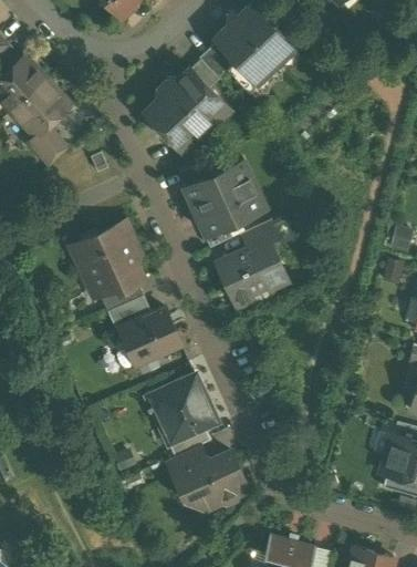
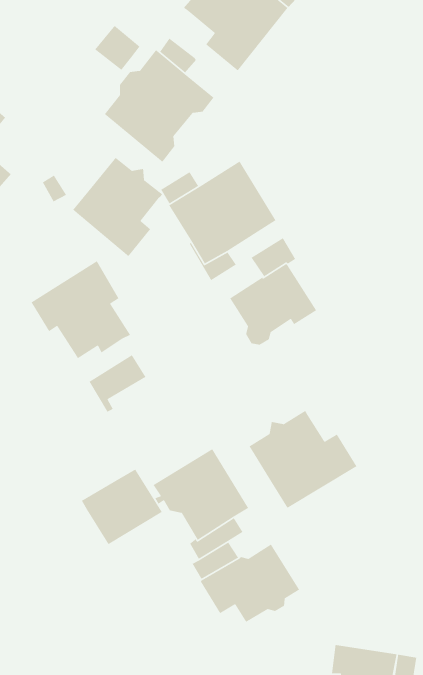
building: [199,41,234,76] -> [94,25,141,71]
building: none -> [72,157,163,257]
building: [98,282,143,311] -> none
building: [121,308,181,363] -> [81,469,163,545]
building: none -> [249,410,357,509]

